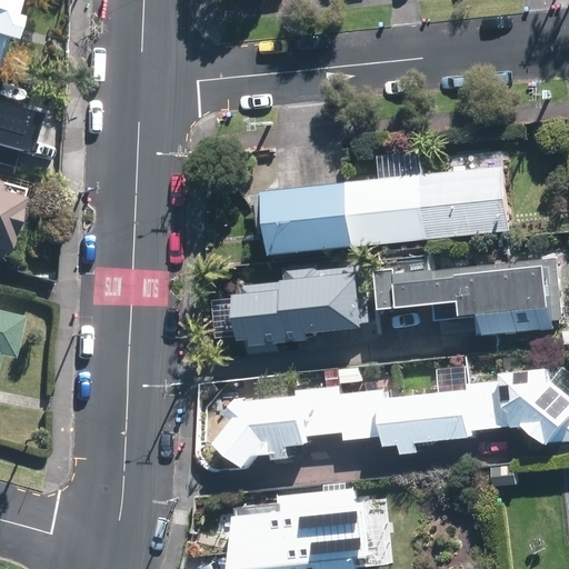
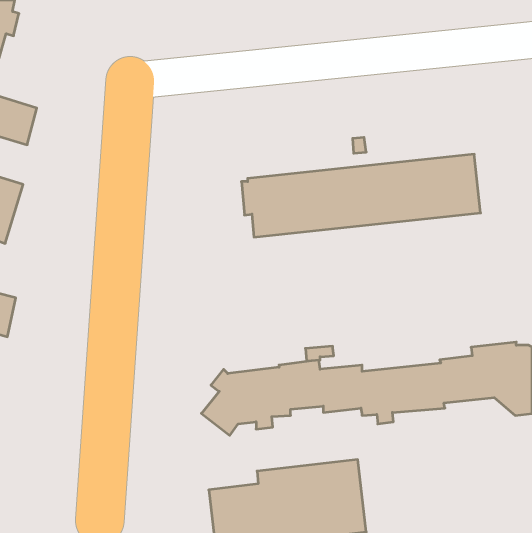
building: [371,263,552,338] -> none
building: [236,266,367,348] -> none

